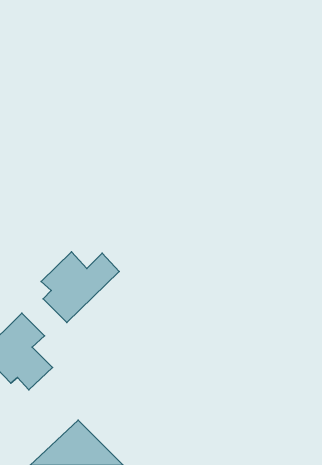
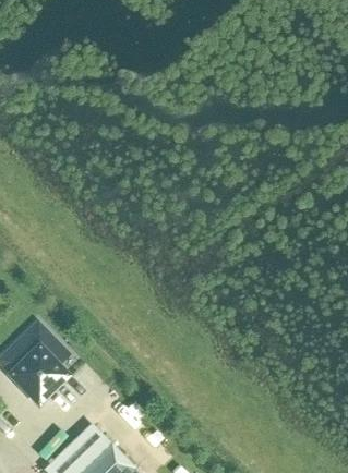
building: [41,252,119,323] -> none

